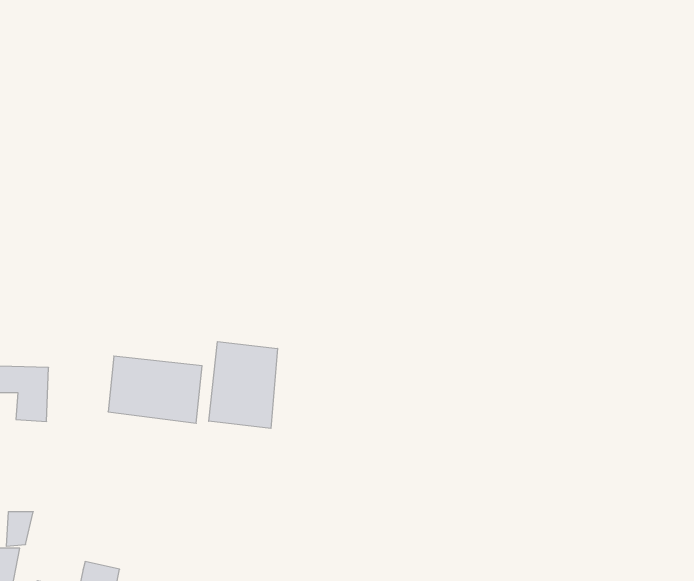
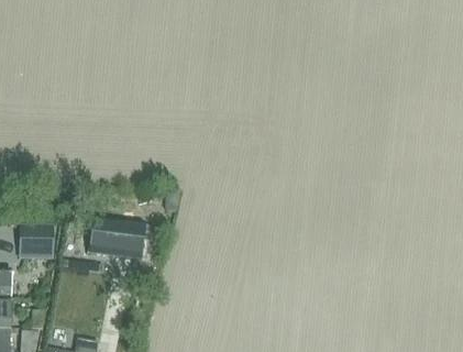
building: [209,342,278,428] -> none

